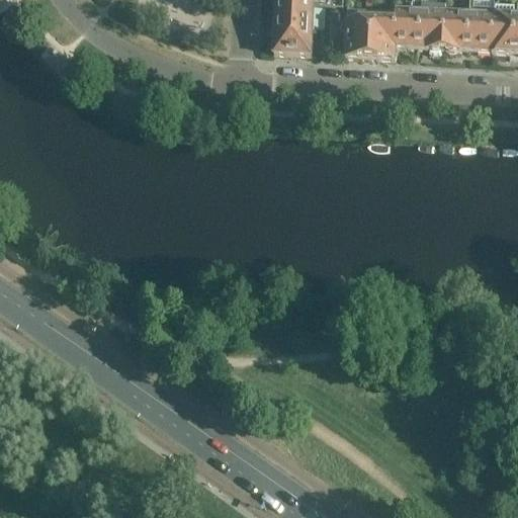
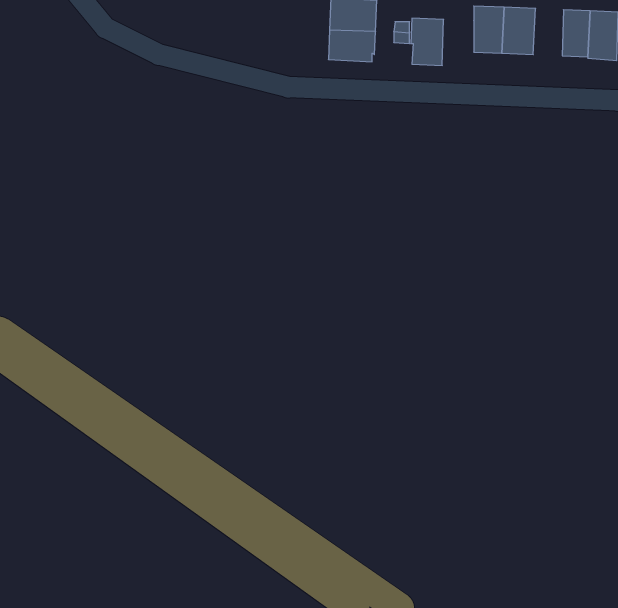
building: [445,7,470,47] -> none
building: [369,16,396,56] -> none

